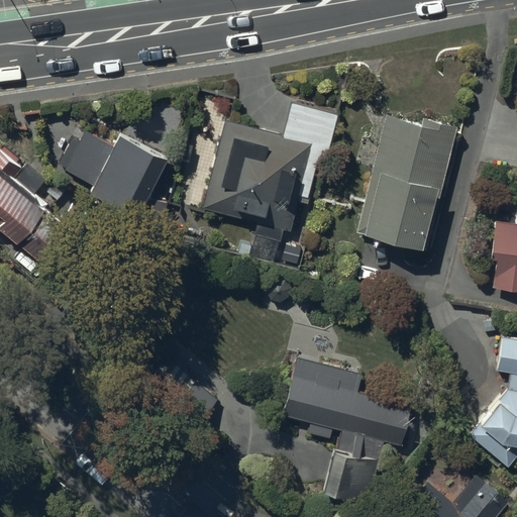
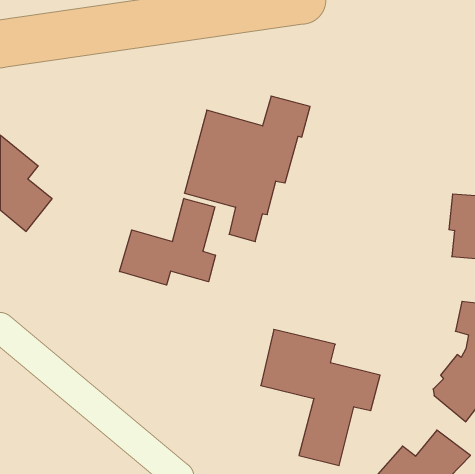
building: [357,118,456,248] -> none
building: [59,131,170,219] -> none
building: none -> [120,198,215,285]

